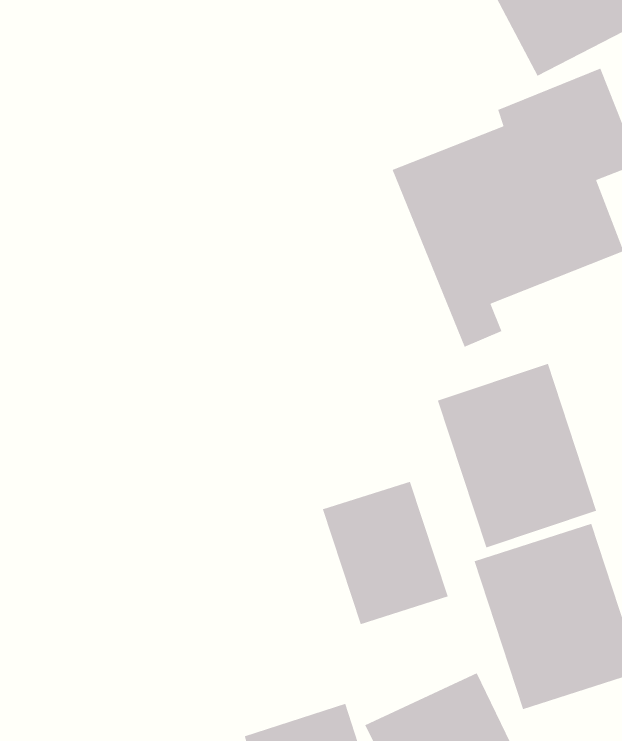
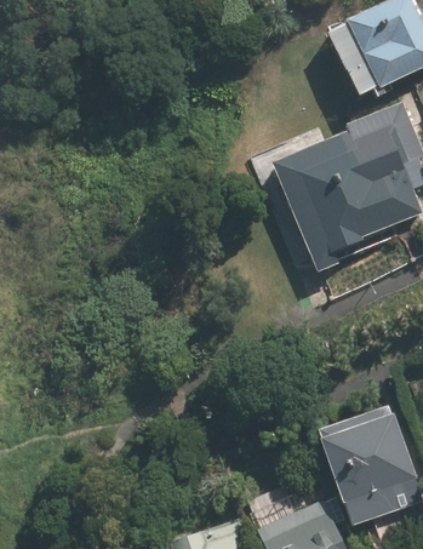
building: [437,363,597,549] -> none
building: [322,481,449,625] -> none

